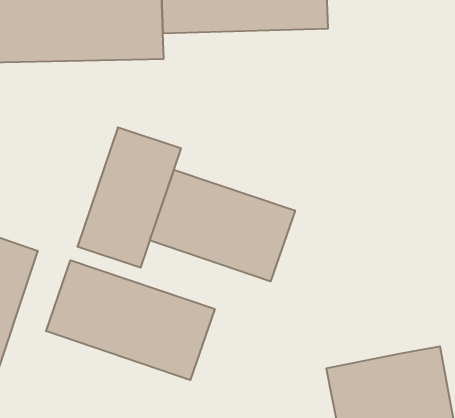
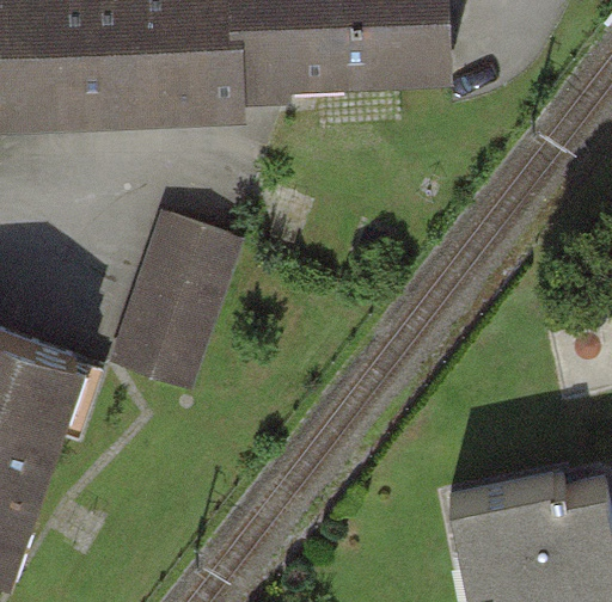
building: [150,170,295,281] -> none
building: [46,260,215,380] -> none

